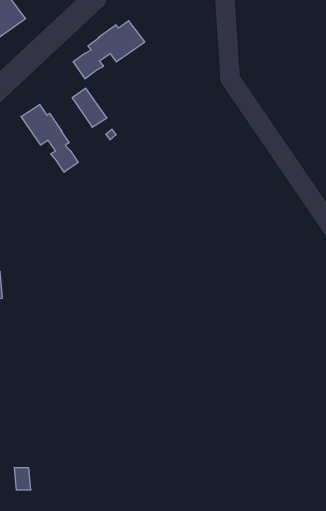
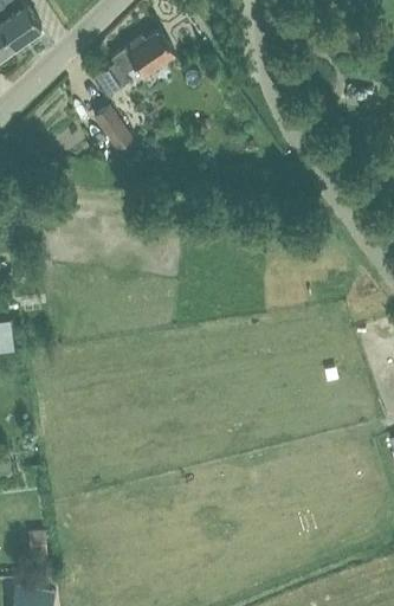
building: [21,105,78,172] -> none

